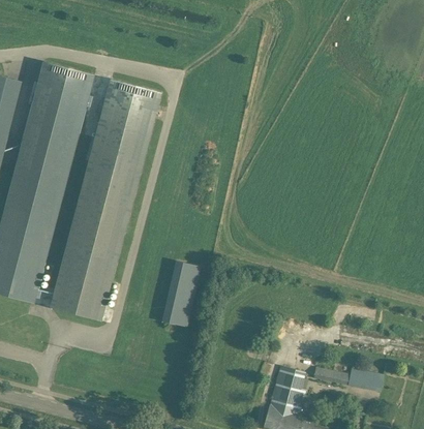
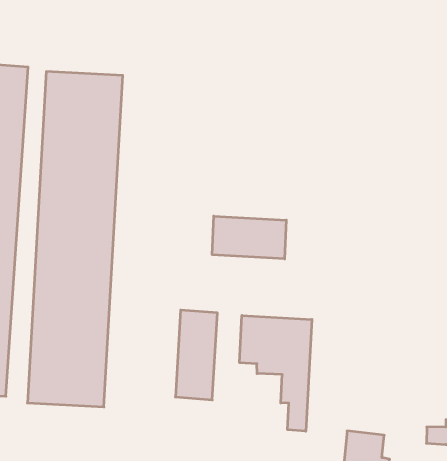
building: none -> [212,216,286,259]
building: none -> [240,315,312,431]

